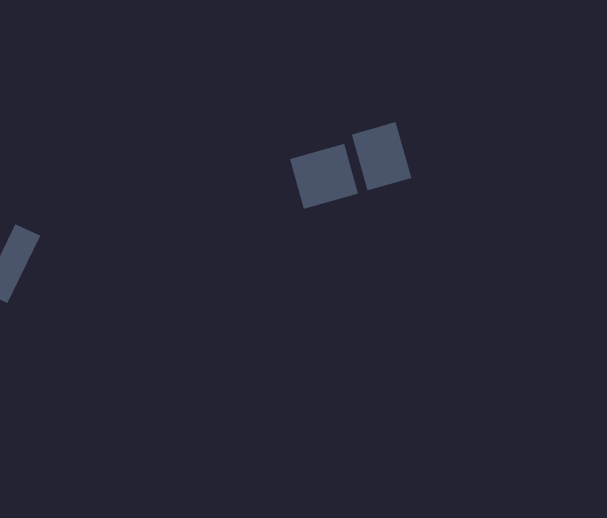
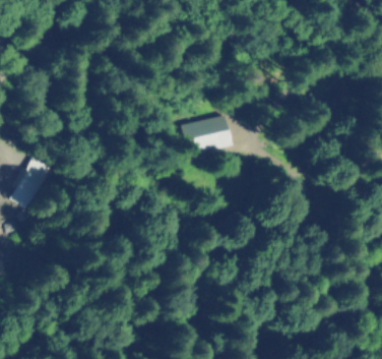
building: [351,121,412,191] -> none

